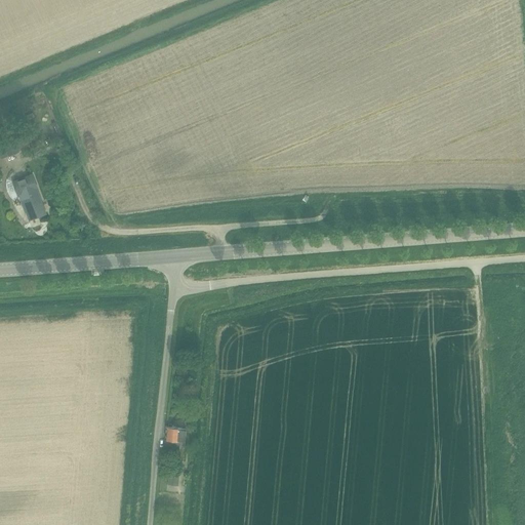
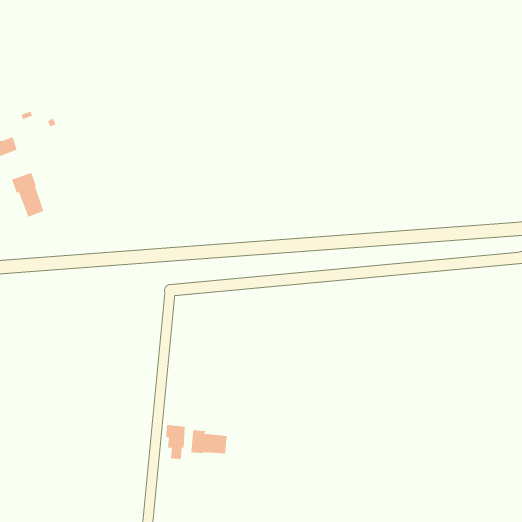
building: none -> [191,430,227,454]

